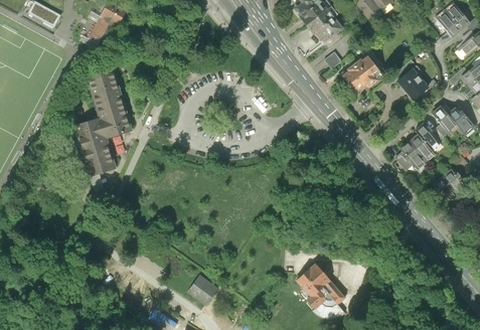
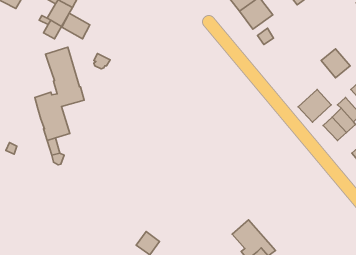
building: none -> [62,13,90,39]
building: [340,53,382,95] -> none
building: none -> [298,90,331,122]

